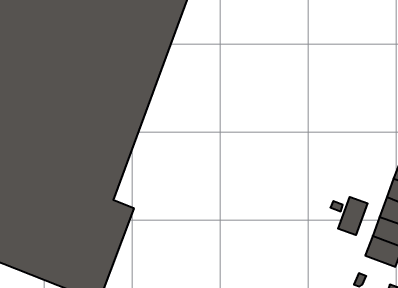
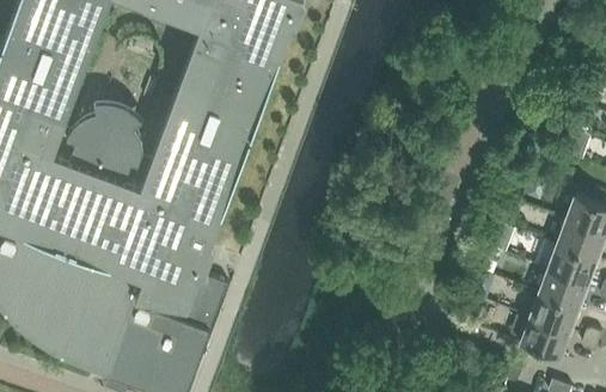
building: [338,197,368,235] -> none

